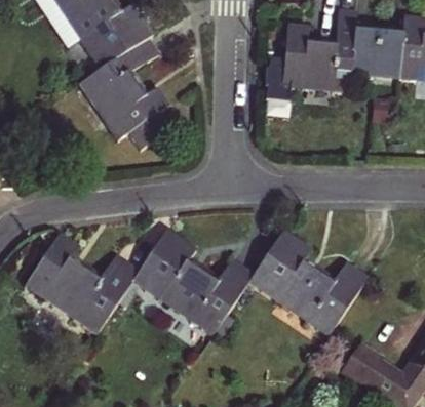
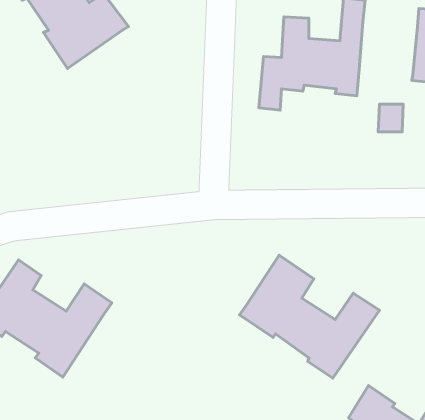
building: [351,30,401,75] -> none
building: [79,37,170,149] -> none
building: [131,230,254,334] -> none

